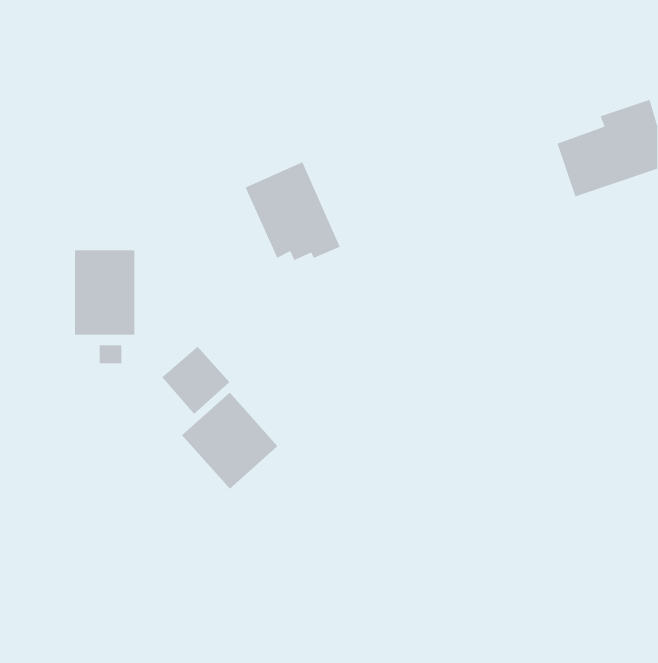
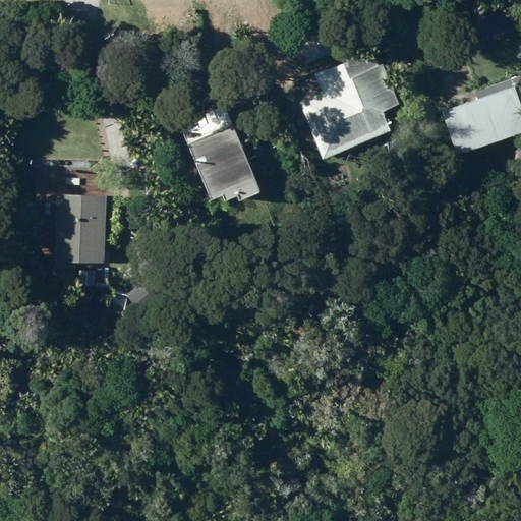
building: none -> [293,52,395,161]
building: [181,392,278,490] -> none

